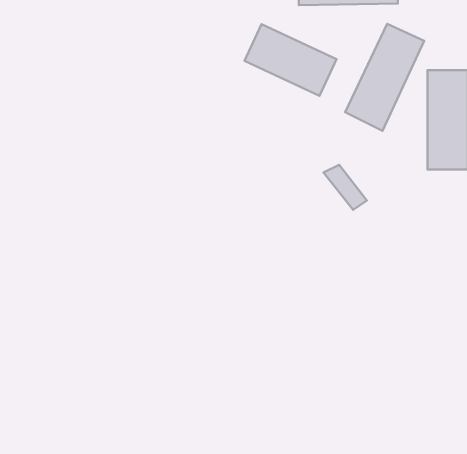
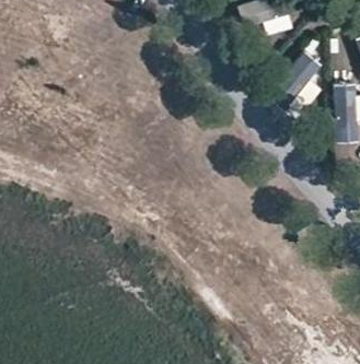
building: [244,24,337,96] -> none

